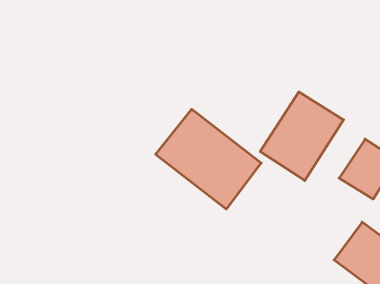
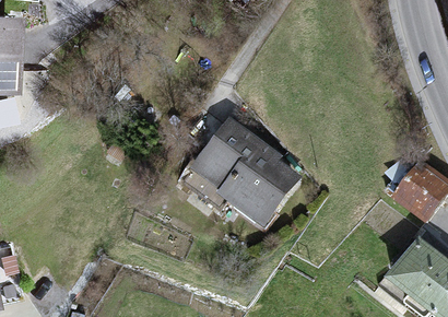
building: [260,92,344,181] -> none

